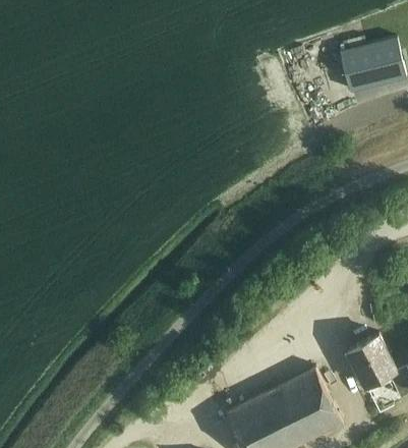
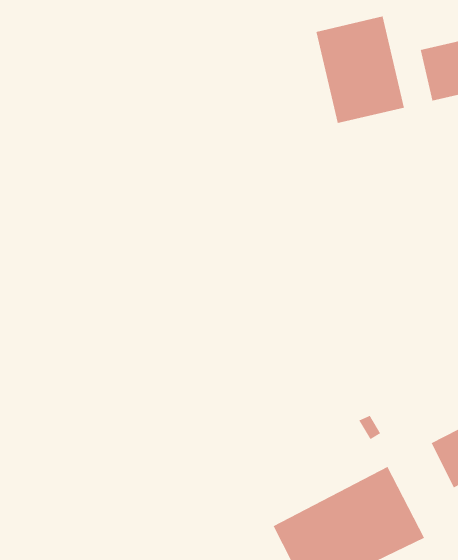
building: none -> [316,16,405,124]

